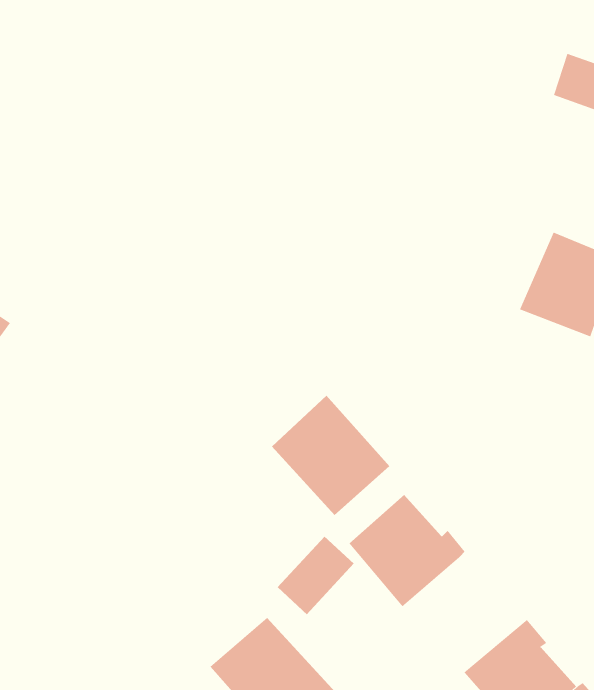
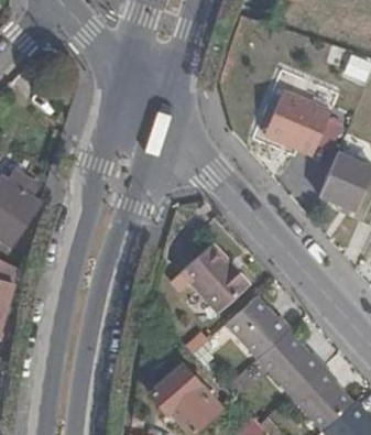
building: none -> [264,91,331,156]
building: none -> [255,333,325,396]

